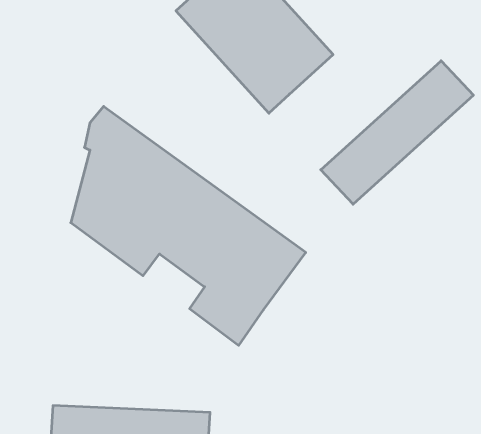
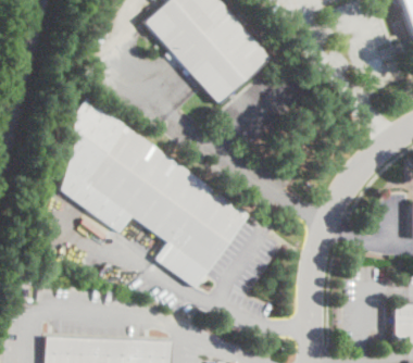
building: [321,61,473,204] -> none

